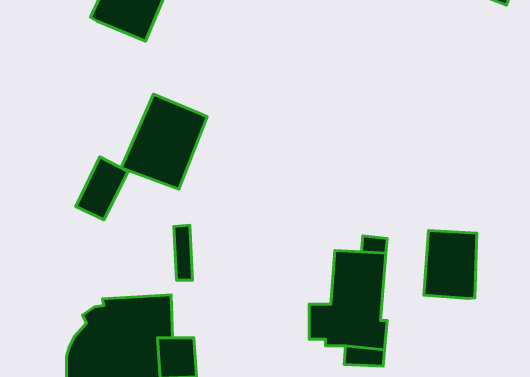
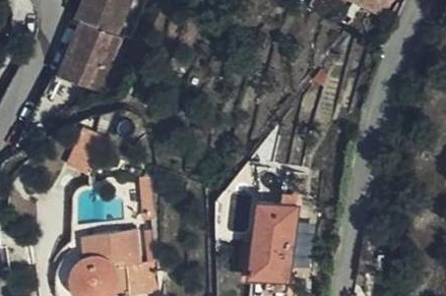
building: [121,94,207,189] -> [56,24,121,97]
building: [424,230,477,298] -> none

